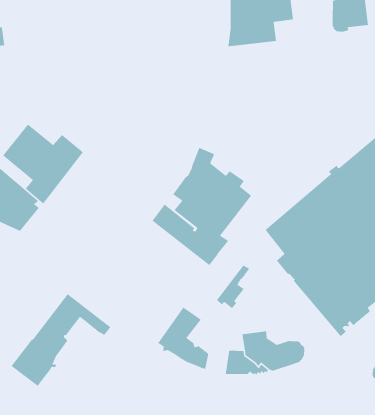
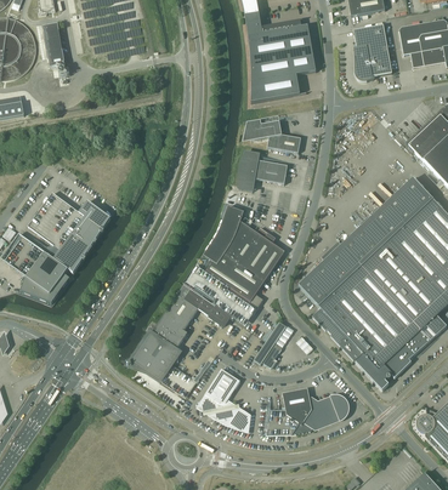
building: none -> [244,119,302,152]
building: none -> [239,152,289,190]
building: [10,293,114,387] -> [131,284,234,381]

